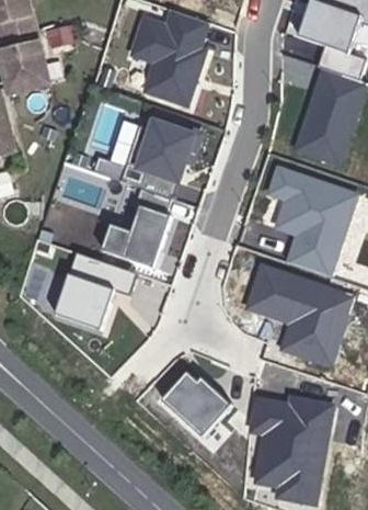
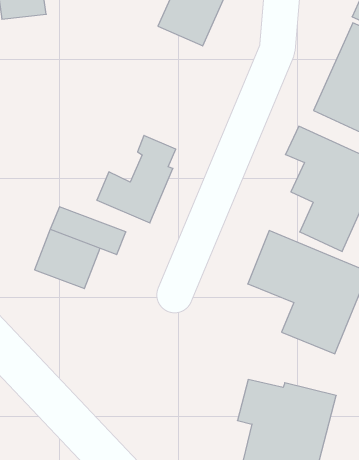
building: [122,110,205,196] -> none
building: [161,370,227,434] -> none

